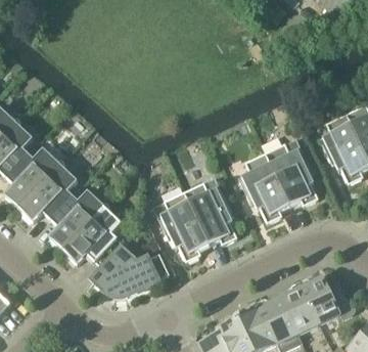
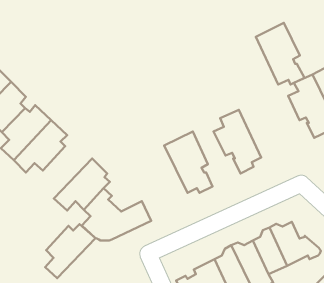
building: [265,138,318,206] -> [256,23,304,84]
building: [49,191,104,251] -> [45,224,95,278]
building: [152,192,209,262] -> none

